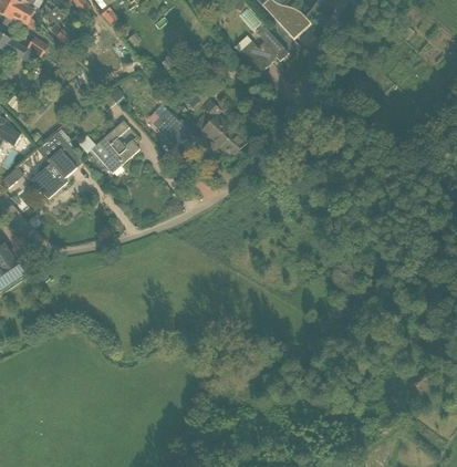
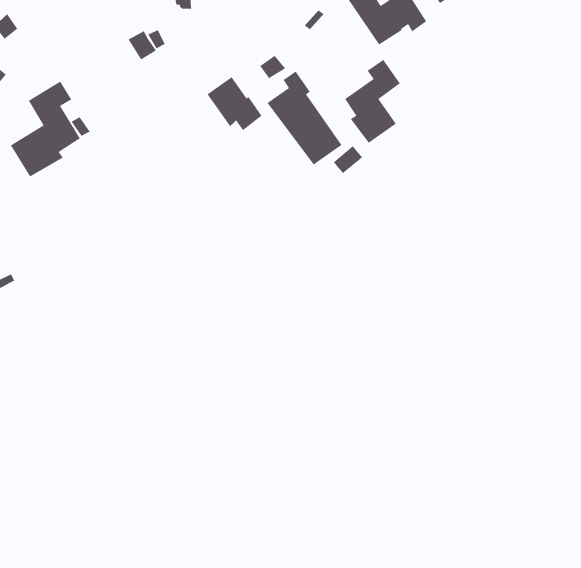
building: none -> [344,59,401,144]
building: [91,118,139,172] -> none

